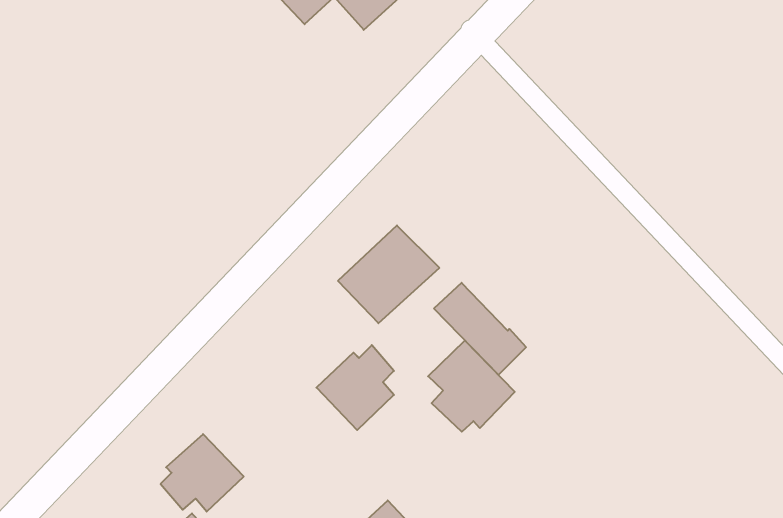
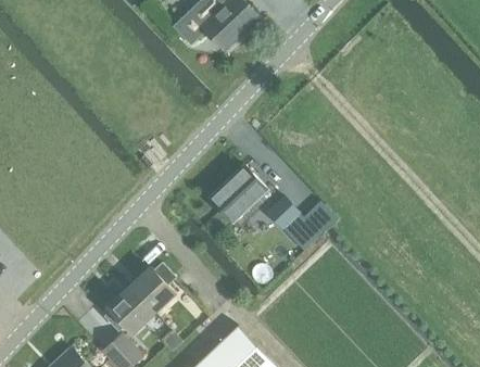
building: [428,340,515,432] -> none
building: [316,345,394,430] -> [129,262,175,312]

